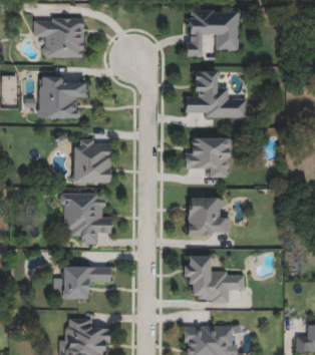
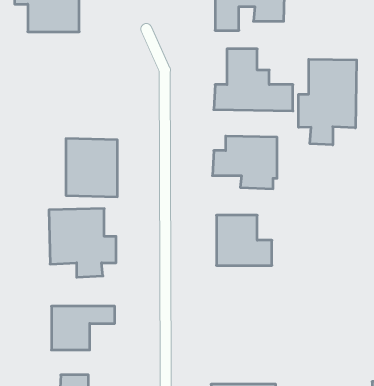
building: [37,77,86,118] -> none
building: none -> [299,59,357,145]
building: [184,256,245,303] -> none

